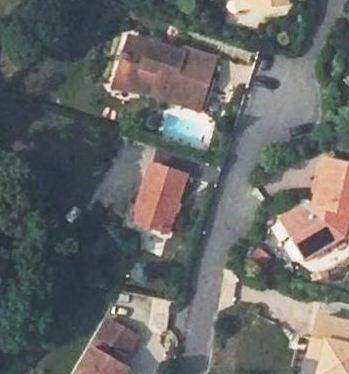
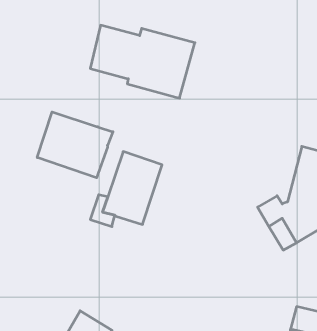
building: none -> [37,112,113,178]

